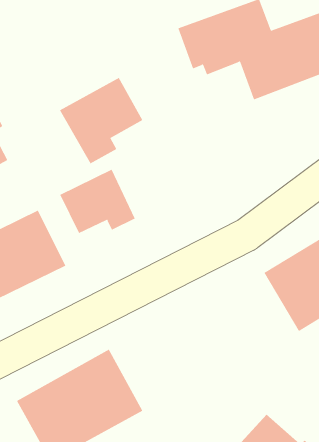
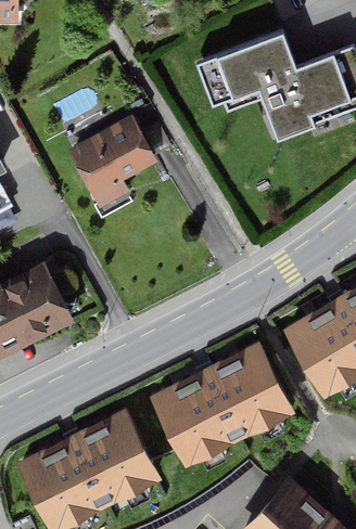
building: [60,169,136,234] -> none
building: none -> [153,345,289,462]

